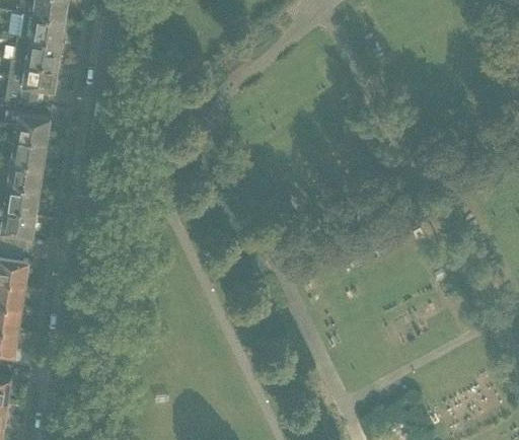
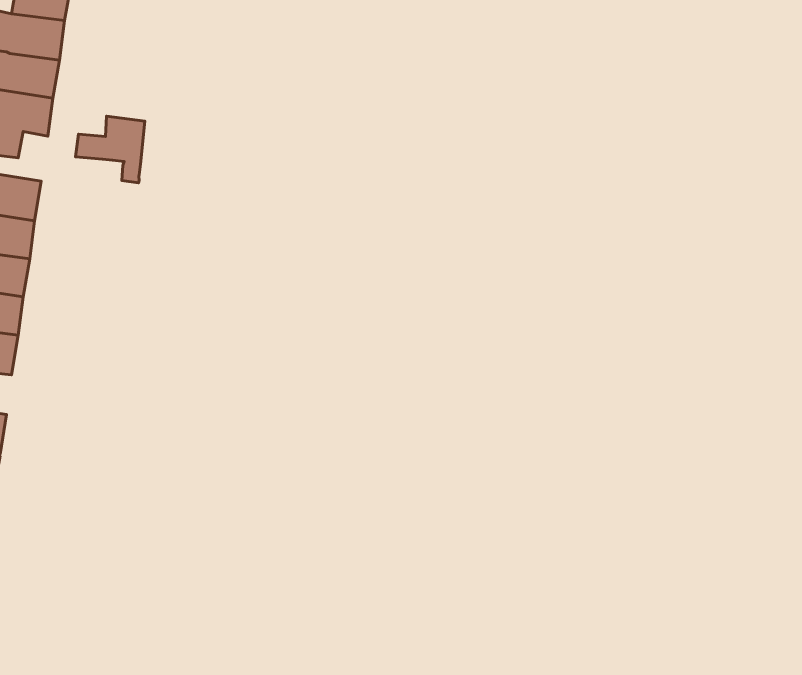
building: none -> [75,116,145,183]

